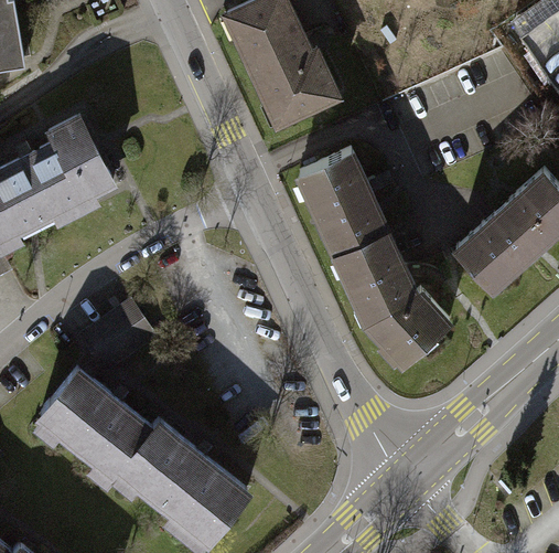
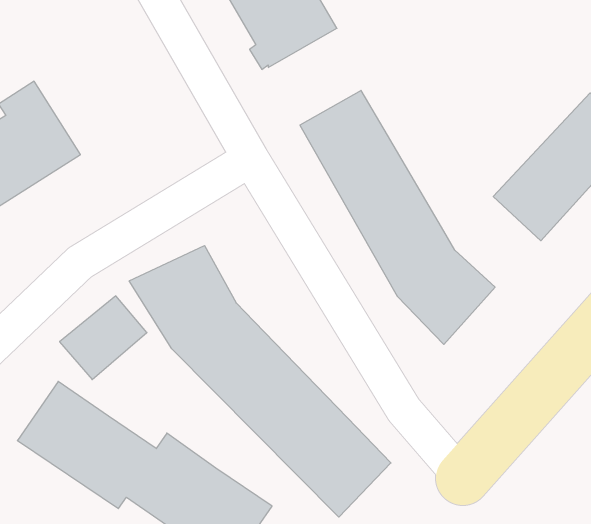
building: none -> [129,246,391,517]

